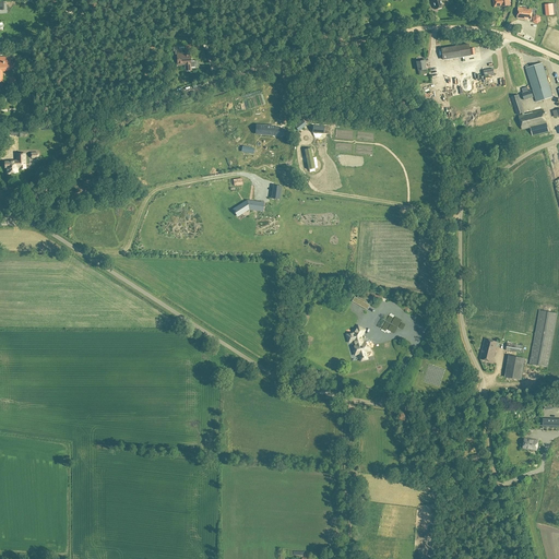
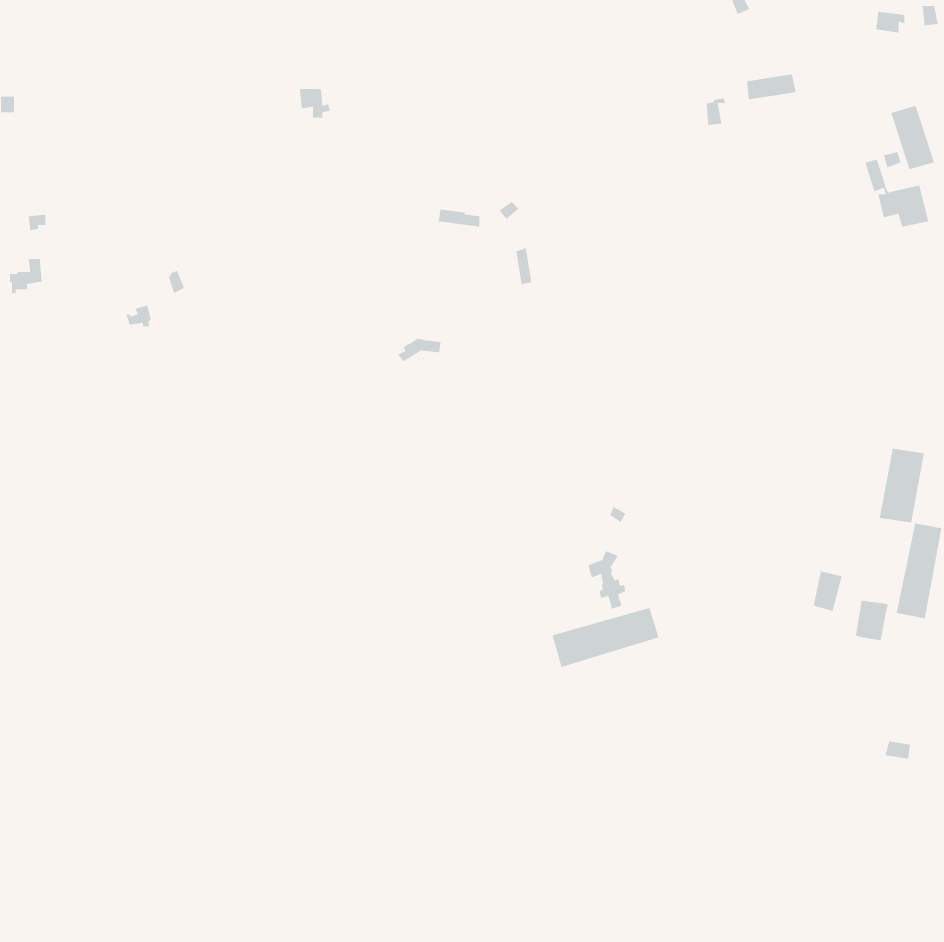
building: none -> [879,448,925,523]
building: none -> [552,607,659,668]

